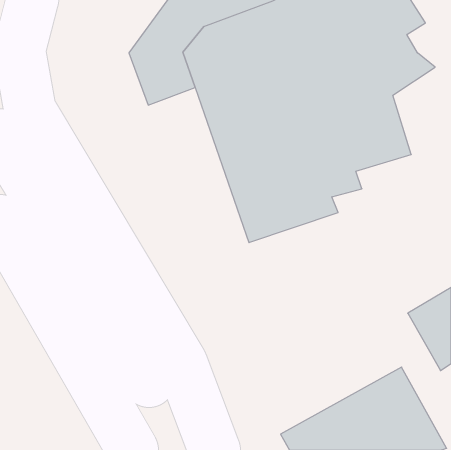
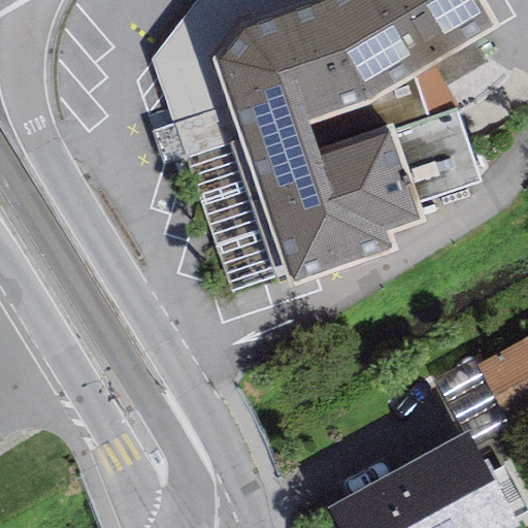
building: none -> [150,102,288,295]

